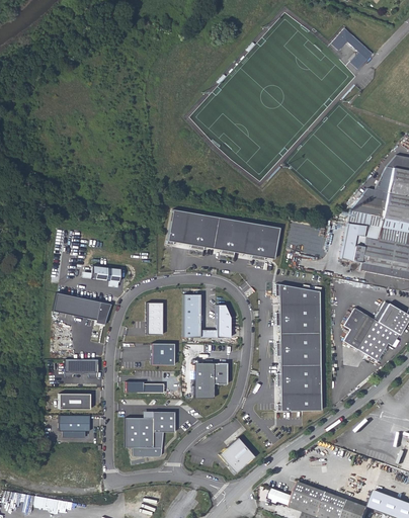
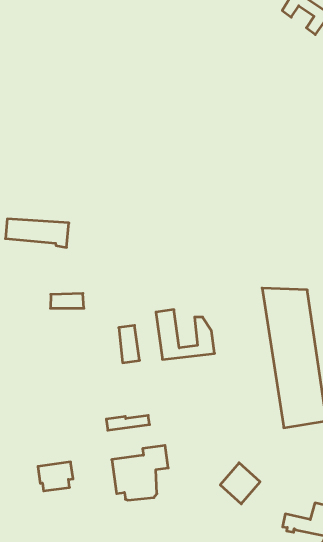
building: [168,210,279,259] -> none
building: [54,292,111,325] -> [5,219,69,247]
building: [151,342,174,363] -> none
building: [64,357,97,375] -> none
building: [195,362,228,398] -> none
building: [59,393,90,408] -> none

